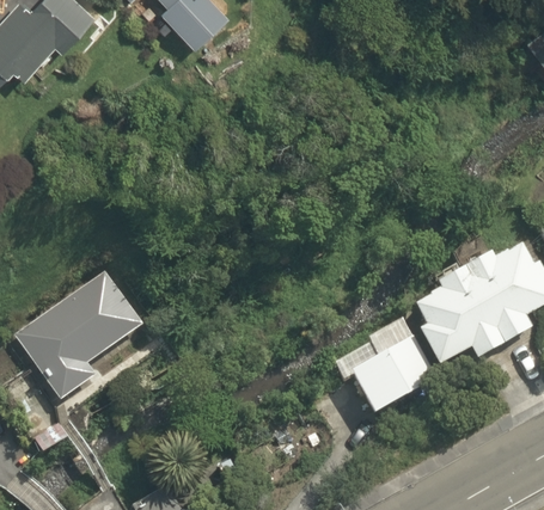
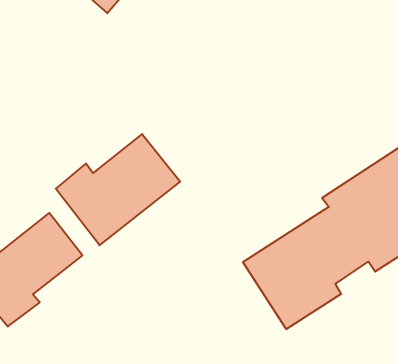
building: none -> [56,134,180,245]

